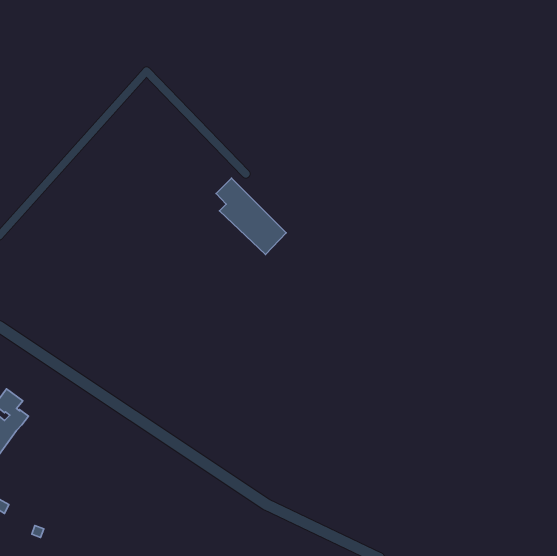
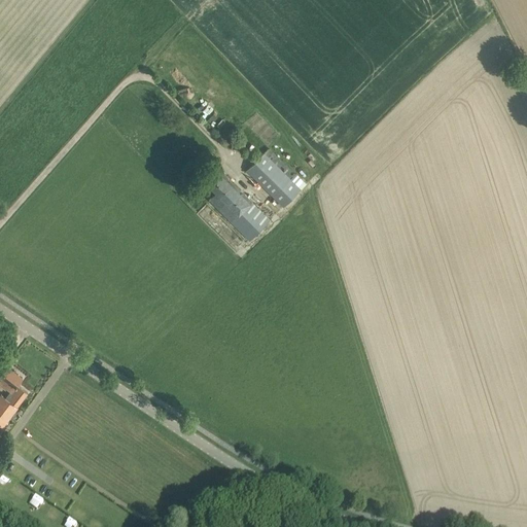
building: none -> [244,149,305,209]

